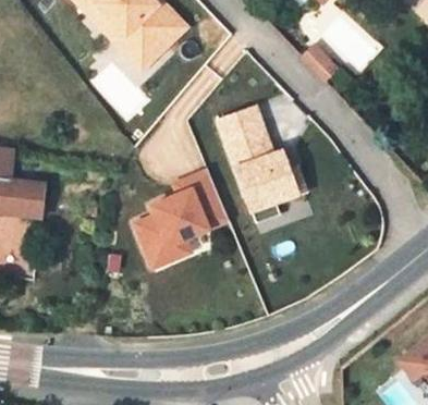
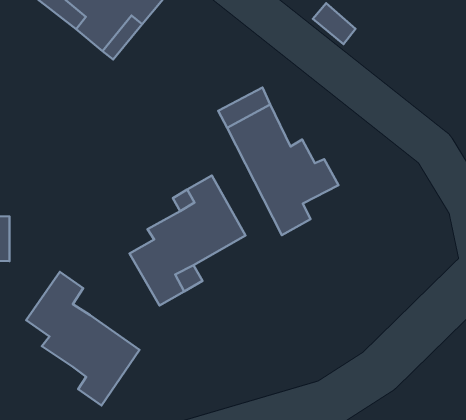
building: none -> [26,272,139,406]

